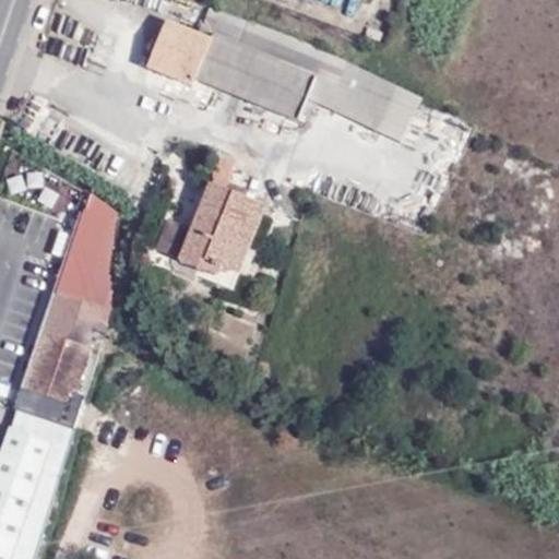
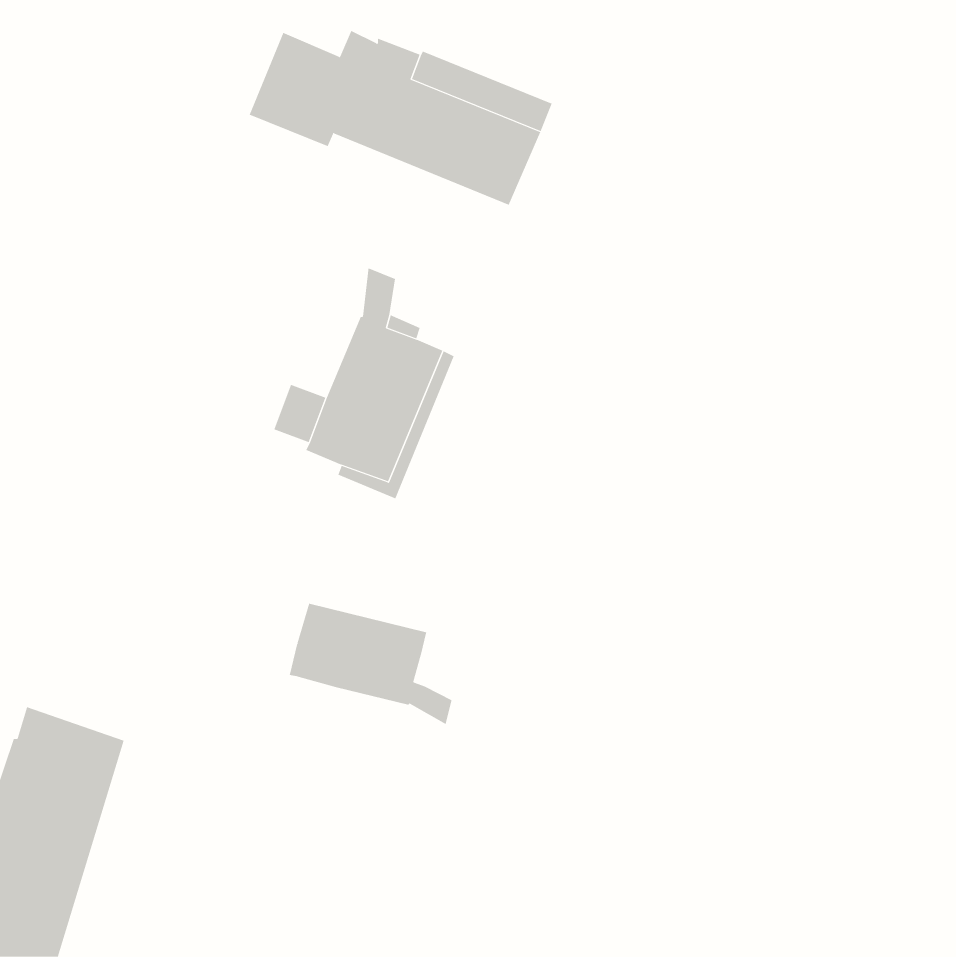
building: [15,194,109,429] -> none
building: none -> [289,603,452,725]

